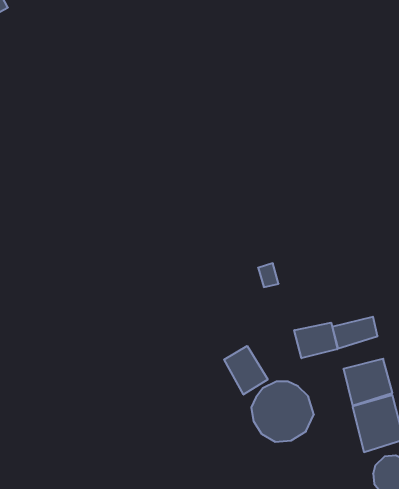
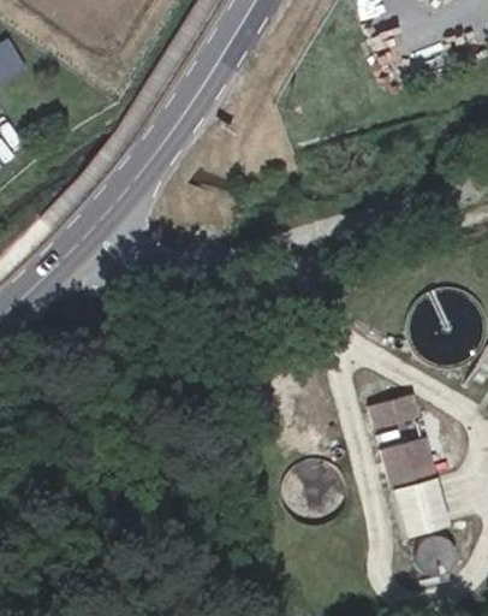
building: [294,323,337,358] -> none
building: [224,346,268,395] -> none

